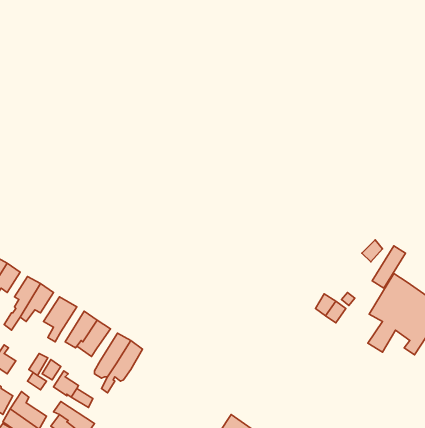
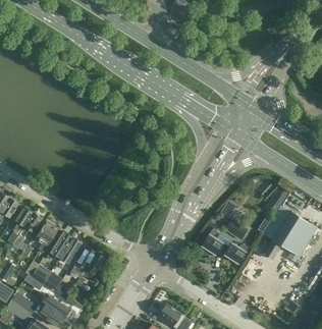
building: none -> [202,230,248,264]

